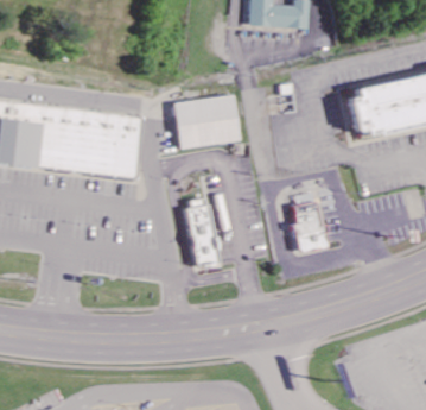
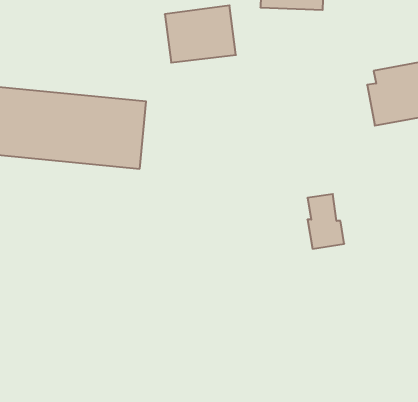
building: [174,95,241,149] -> [165,5,236,63]
building: [186,197,218,267] -> none

